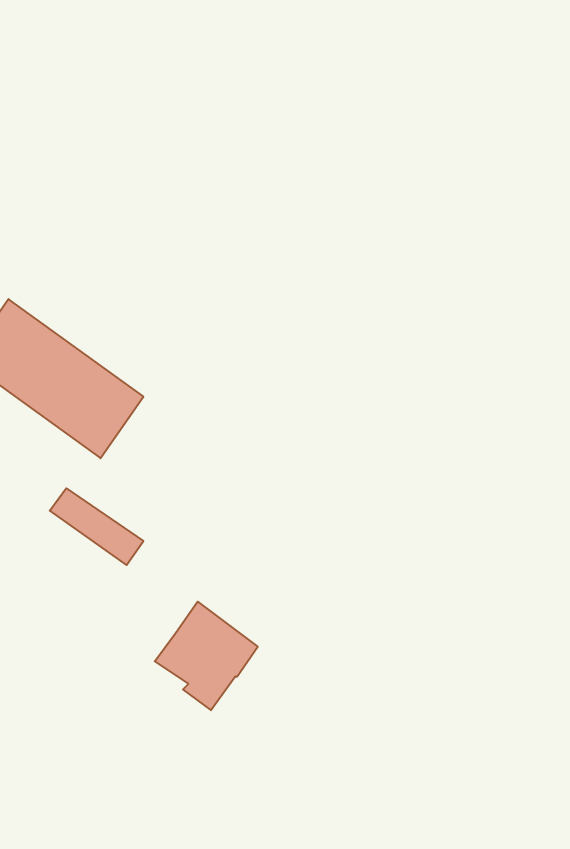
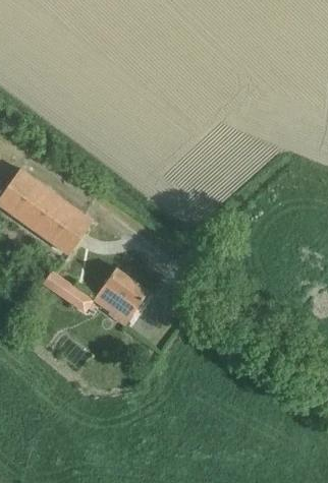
building: [155,602,258,710] -> [92,266,148,325]

